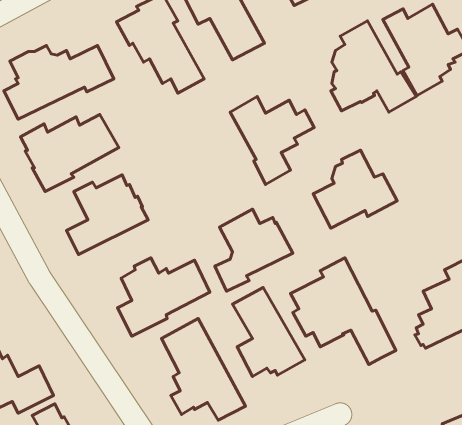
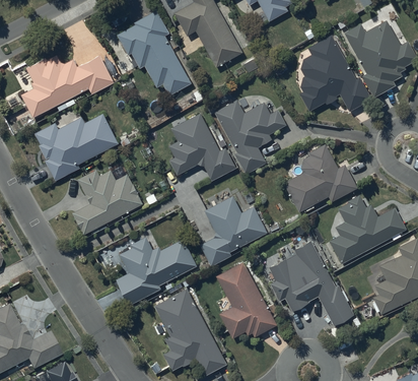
building: none -> [168,112,236,181]
building: none -> [330,195,406,263]

